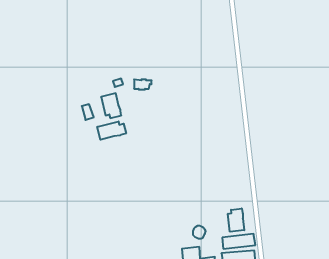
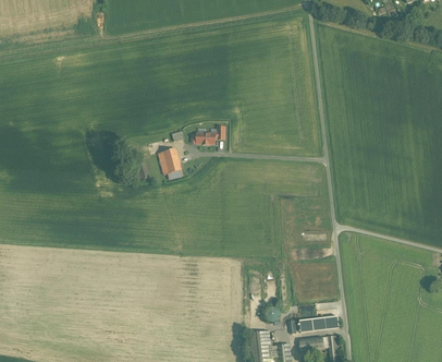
building: [97,121,126,140] -> none
building: [228,208,244,232] -> none

